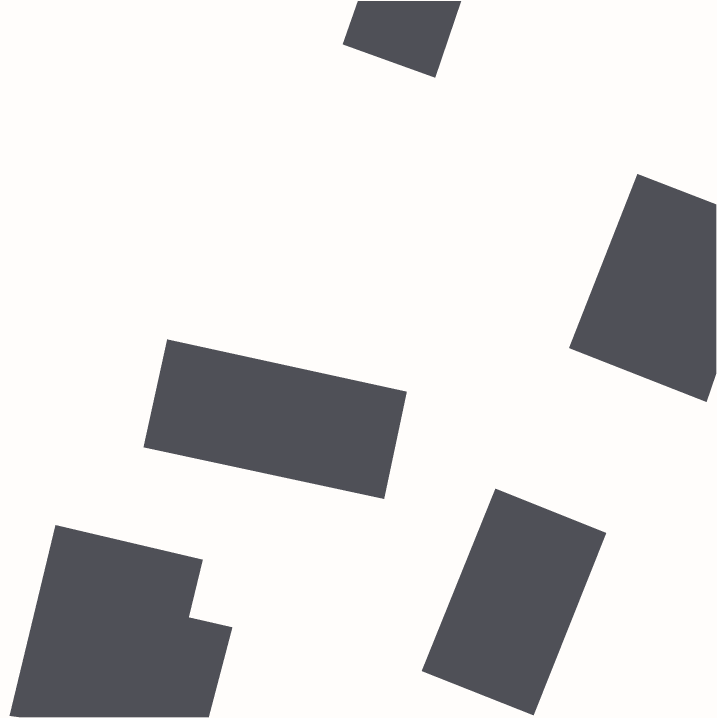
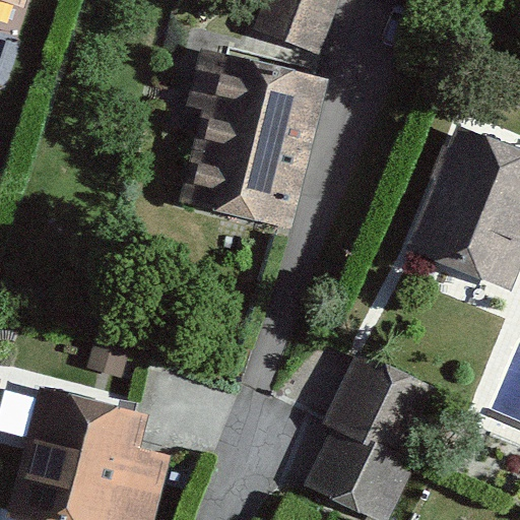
building: none -> [191,50,327,231]
building: [142,339,408,500] -> none

